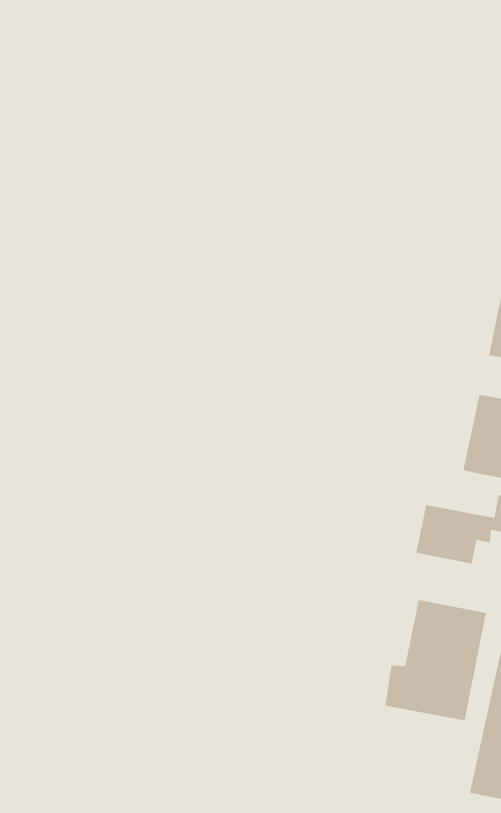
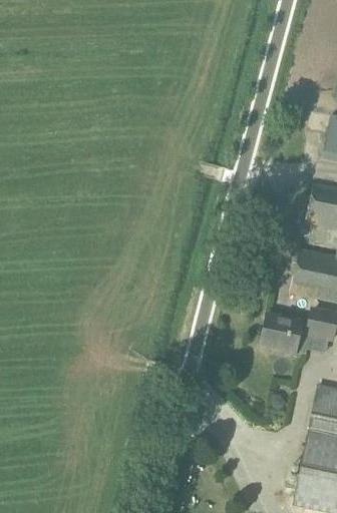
building: [385,599,487,721] -> none

